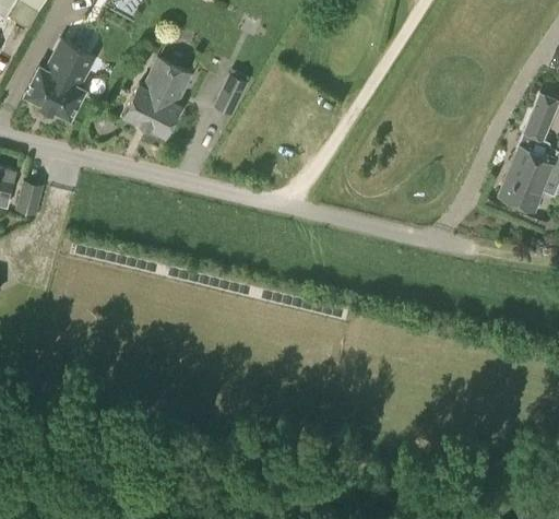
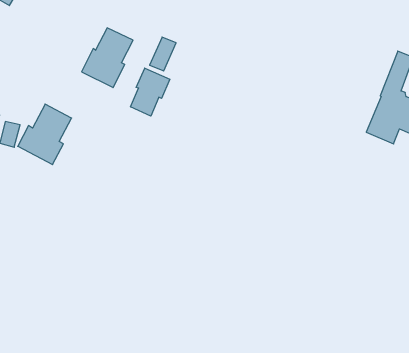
building: [24,40,95,120] -> [18,104,72,165]
building: none -> [131,68,170,116]

